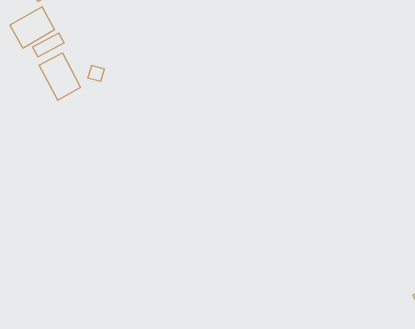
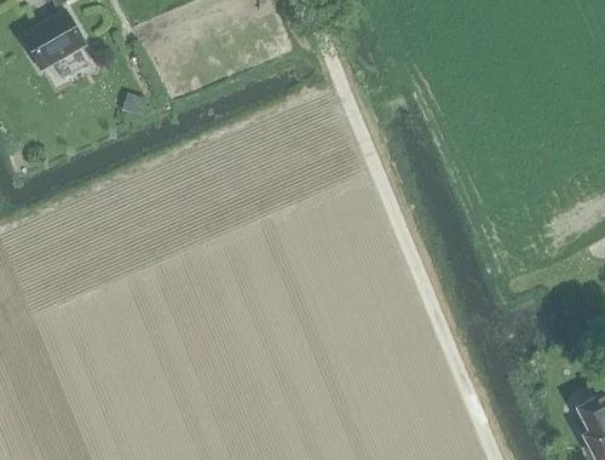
building: [39,53,80,100] -> none

